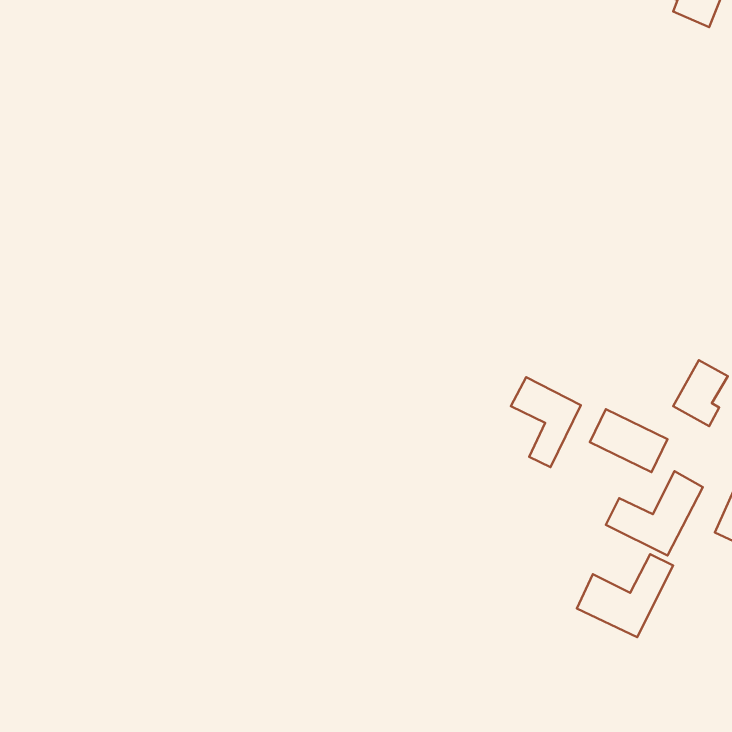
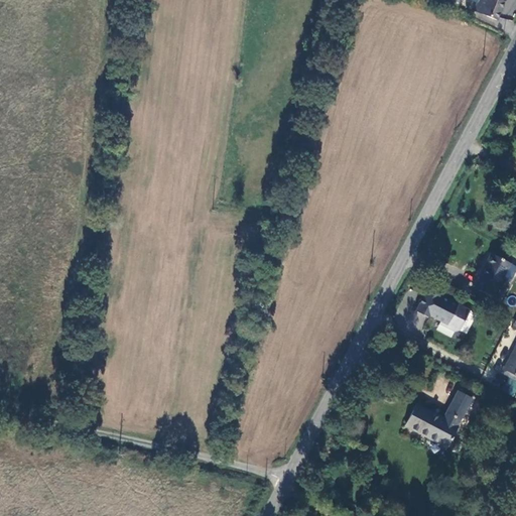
building: [511,377,581,467] -> none
building: [606,471,703,556] -> none

